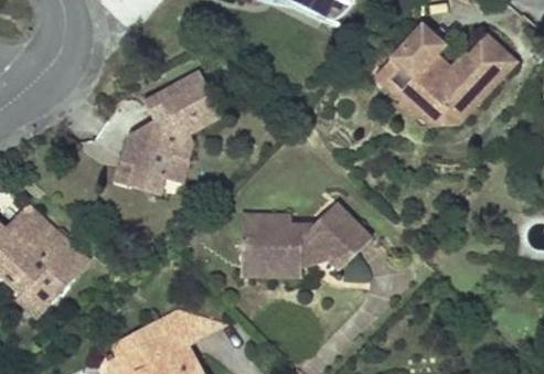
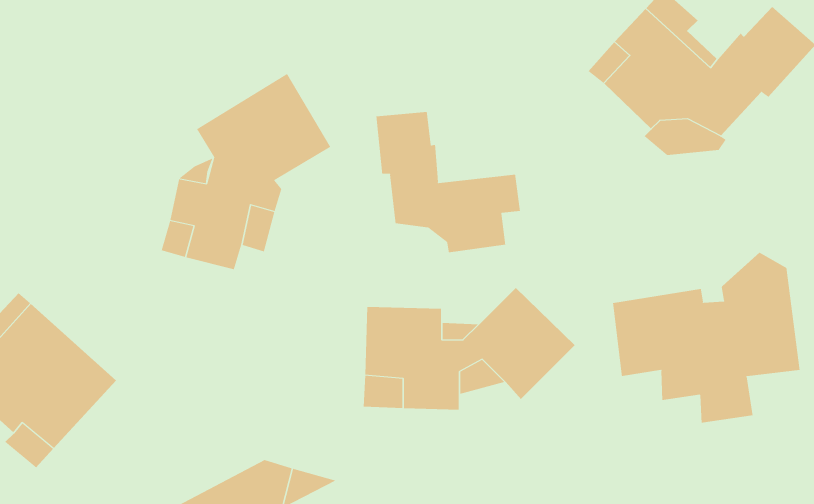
building: none -> [376,111,520,253]
building: none -> [613,252,800,423]

